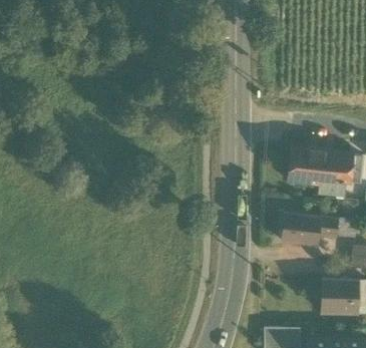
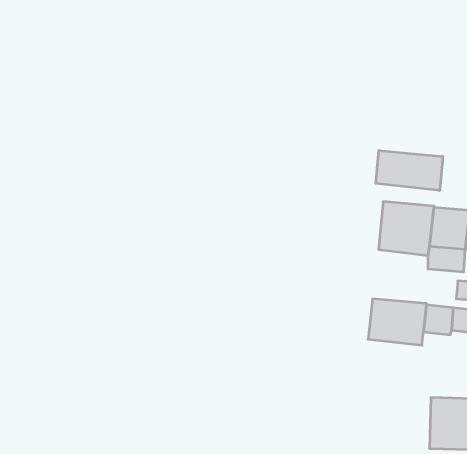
building: none -> [376,150,443,191]

